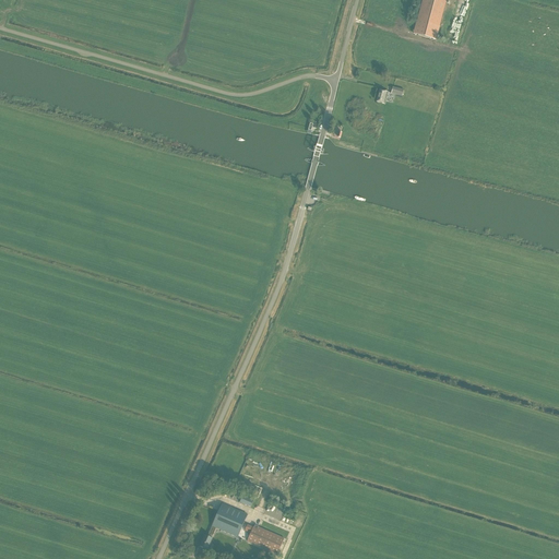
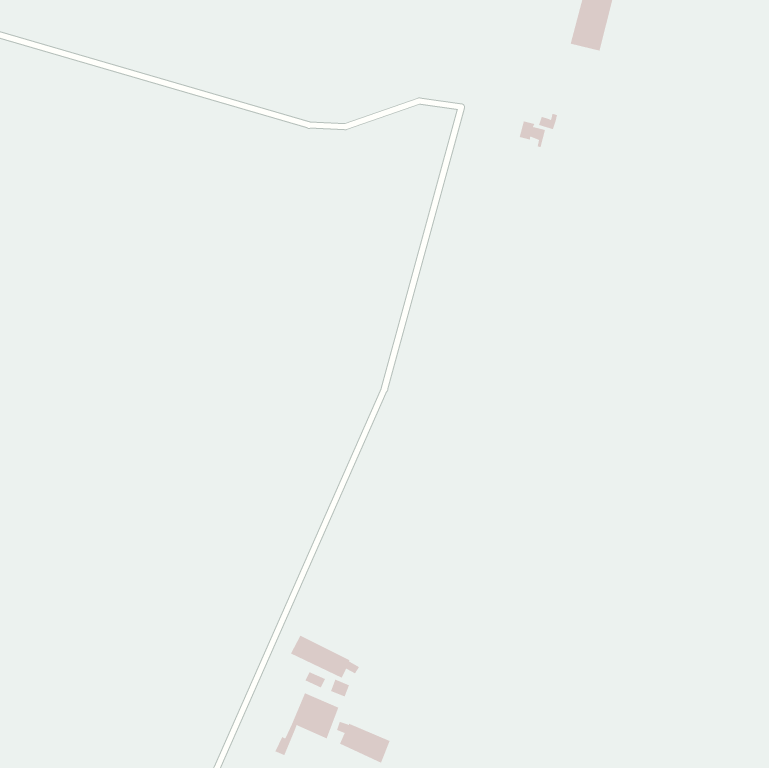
building: none -> [290,635,360,678]

